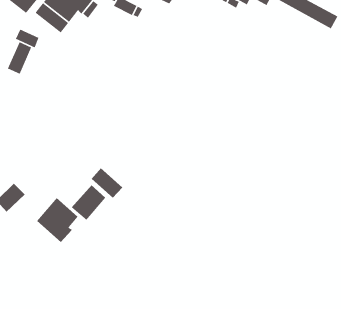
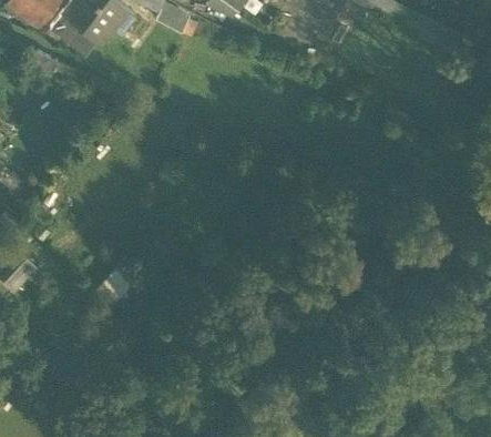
building: [7,41,32,75] -> none
building: [91,168,123,199] -> none
building: [36,197,79,243] -> none

